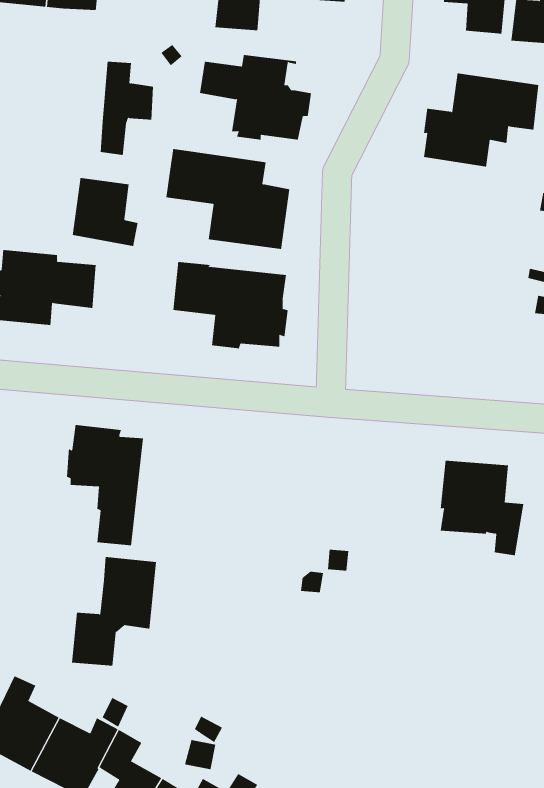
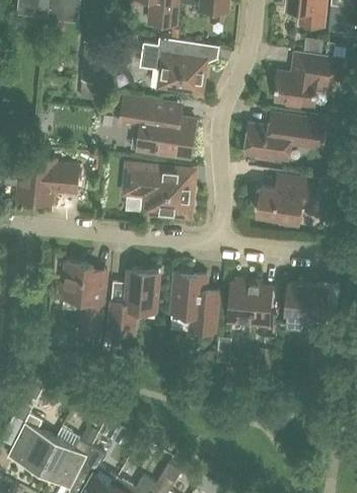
building: [72,177,138,247] -> none
building: none -> [244,114,326,160]
building: none -> [255,175,317,226]
building: none -> [171,271,218,333]
building: none -> [227,280,272,326]
building: [71,557,157,666] -> [108,269,159,335]

